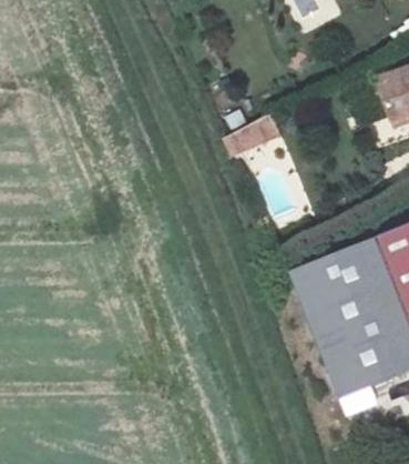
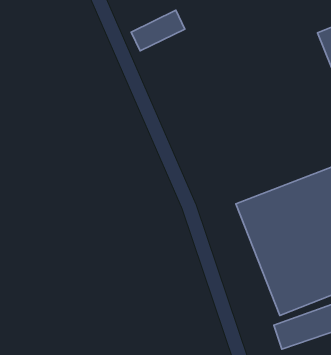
building: [221,112,280,158] -> [131,10,185,51]

